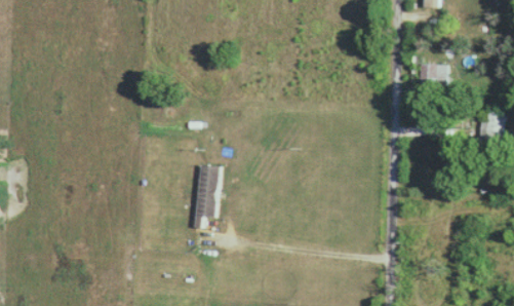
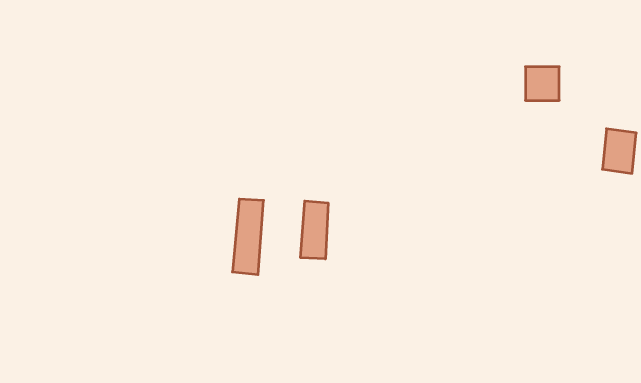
building: none -> [301,201,328,259]

